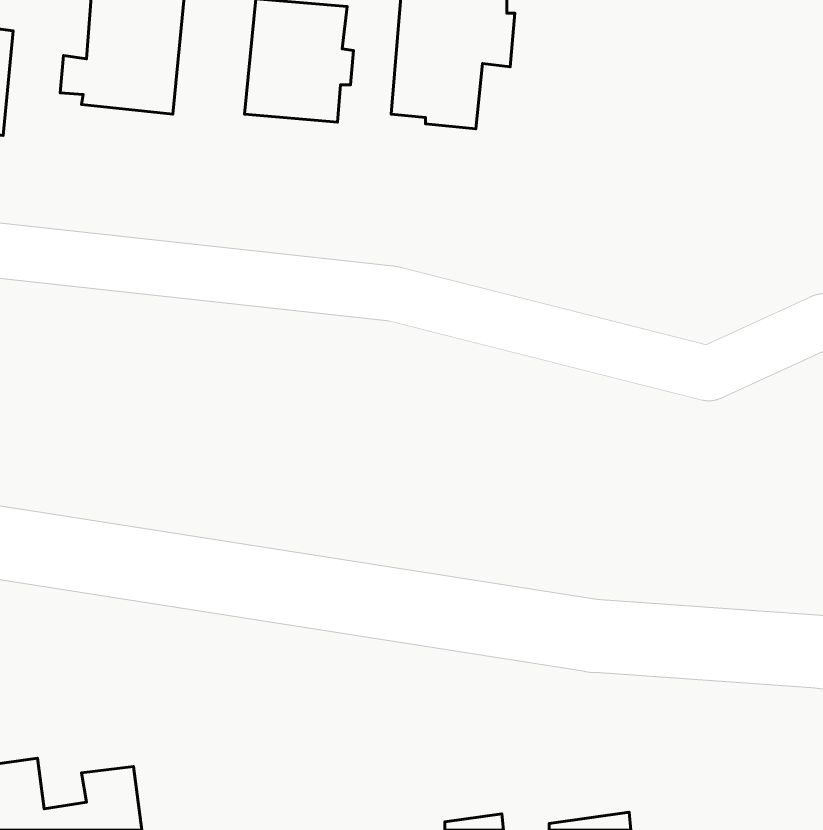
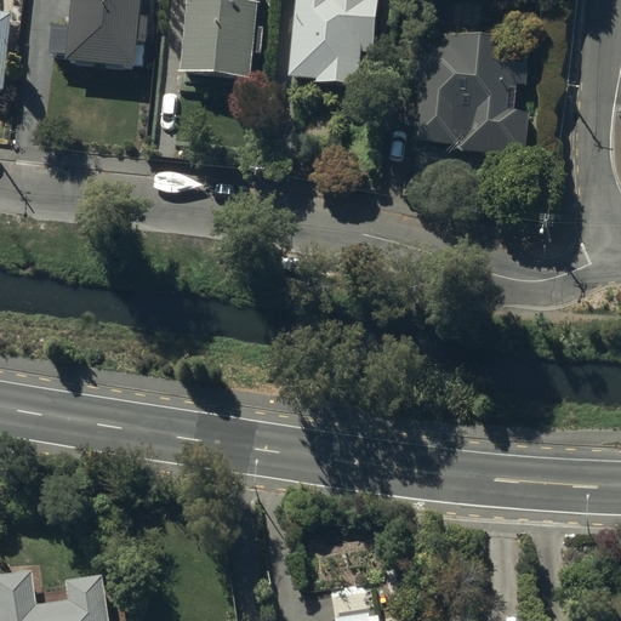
building: none -> [408,27,524,150]

